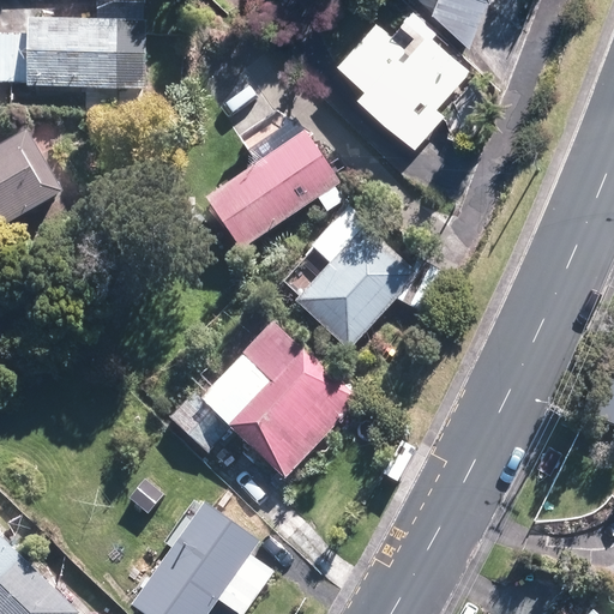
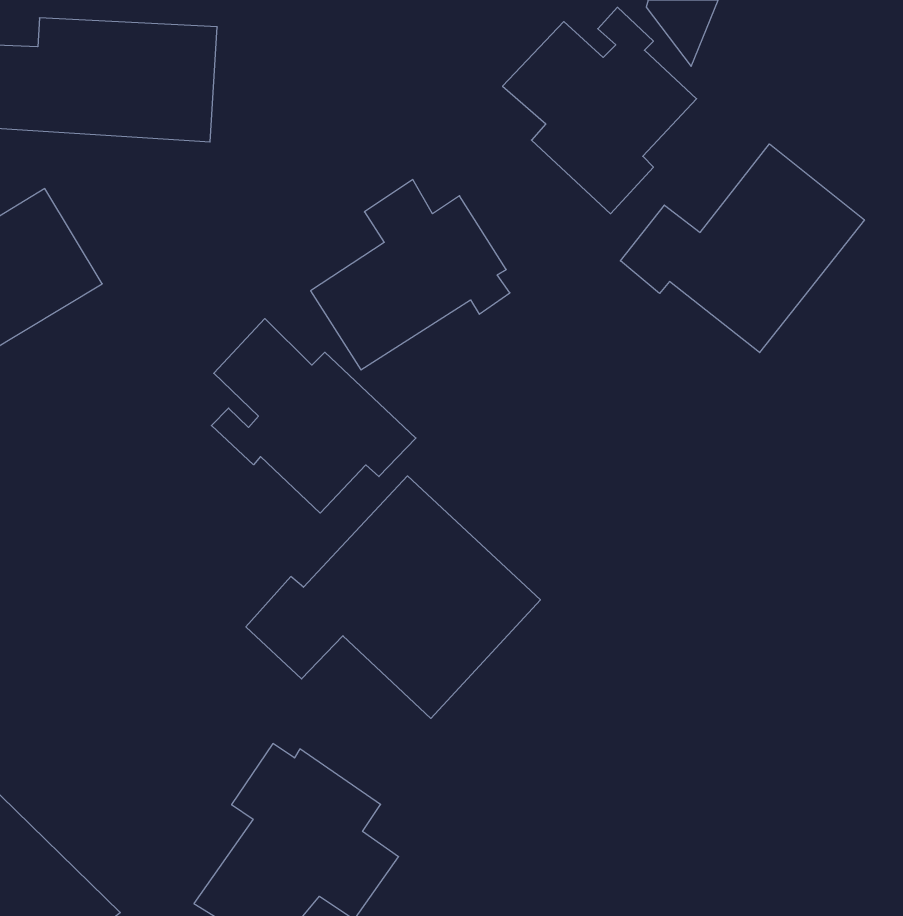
building: none -> [620,144,864,353]
building: [294,206,447,349] -> none
building: none -> [211,319,416,513]

